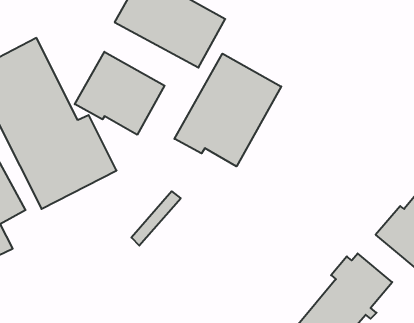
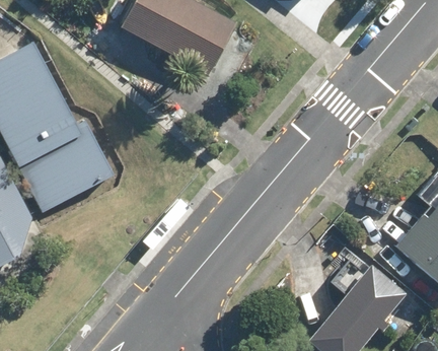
building: [75,52,165,135] -> none
building: [174,54,281,166] -> none

